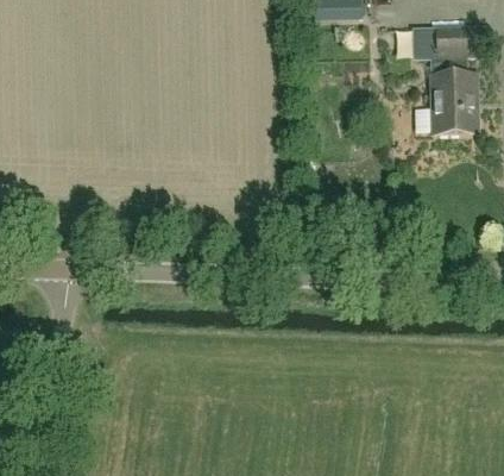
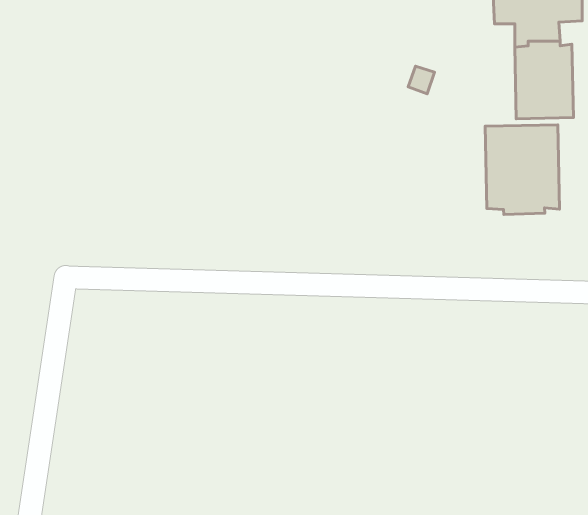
building: none -> [485,125,559,215]

